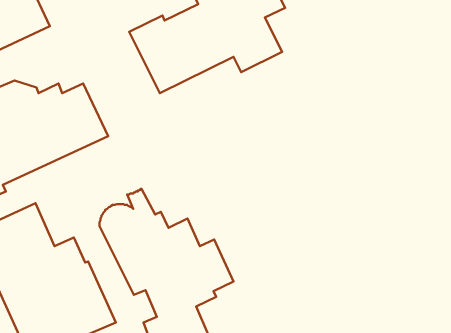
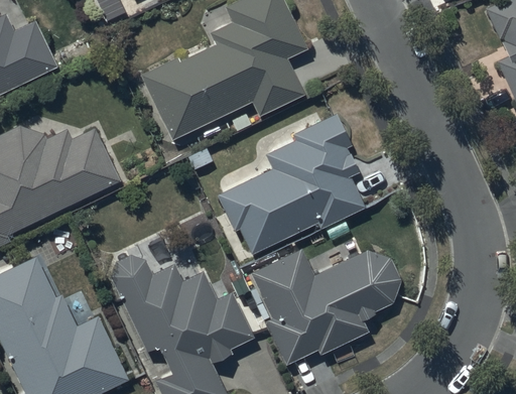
building: none -> [218,114,365,255]
building: none -> [253,248,399,365]

